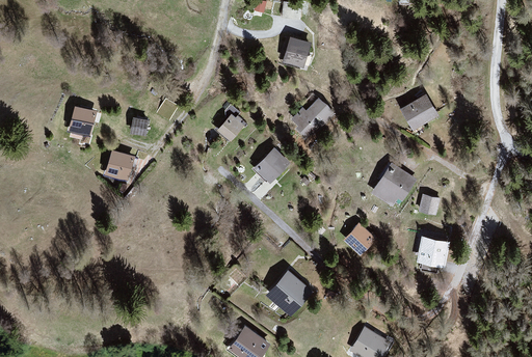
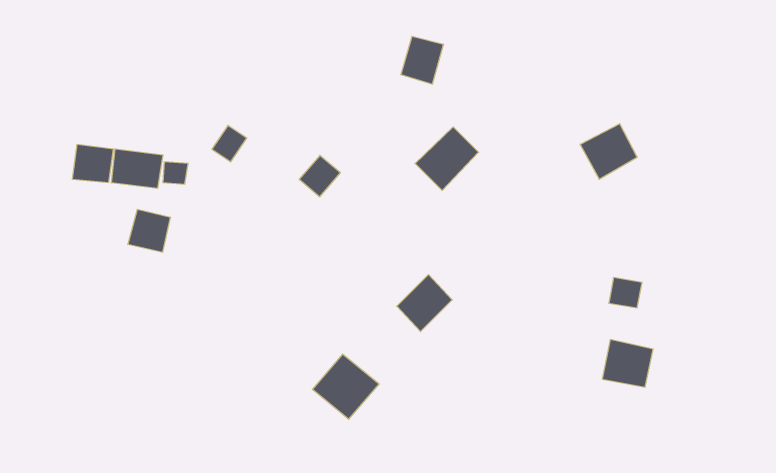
building: none -> [111,149,163,188]
building: [252,147,289,185] -> [397,275,452,332]
building: [371,163,415,208] -> none
building: [344,222,376,254] -> none
building: [266,270,310,312] -> [312,354,379,419]

